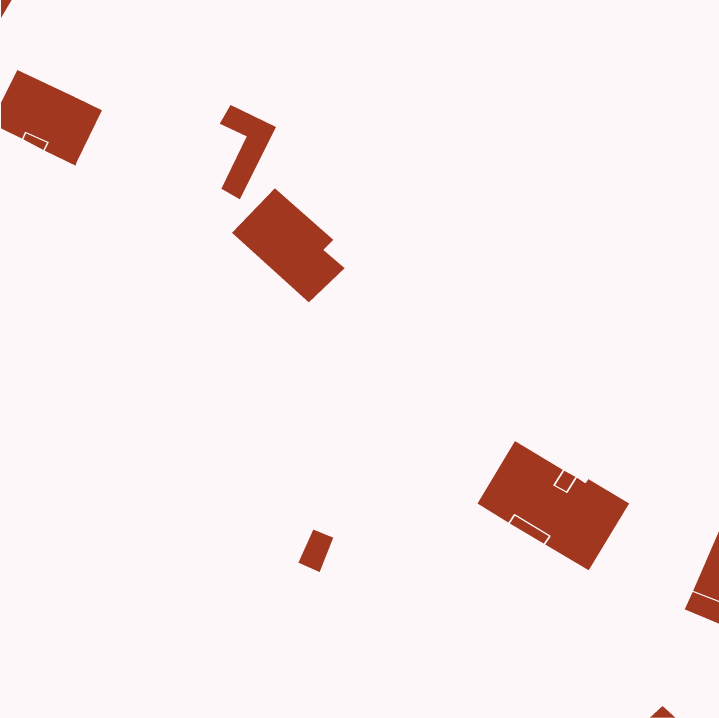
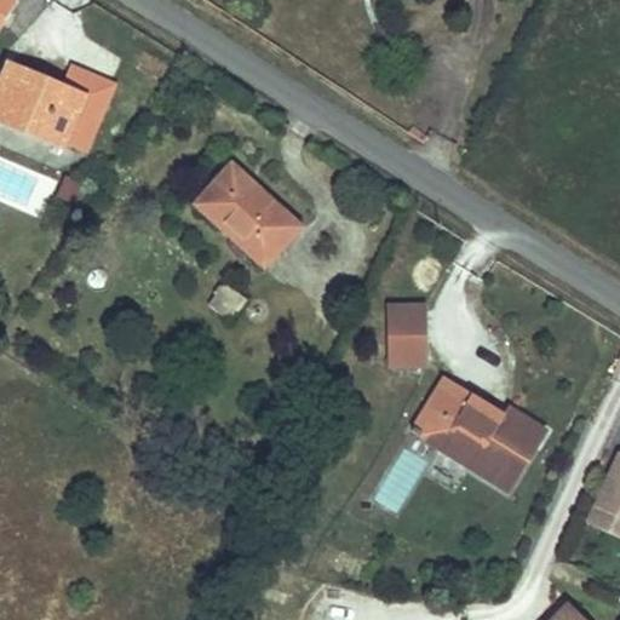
building: [219,104,277,200] -> [67,67,116,149]
building: none -> [385,306,424,368]

